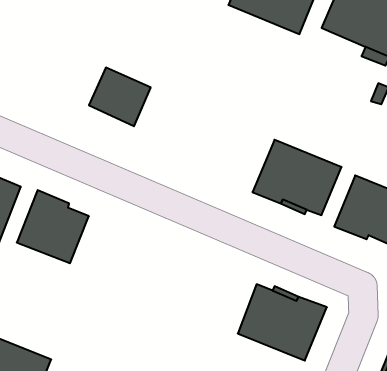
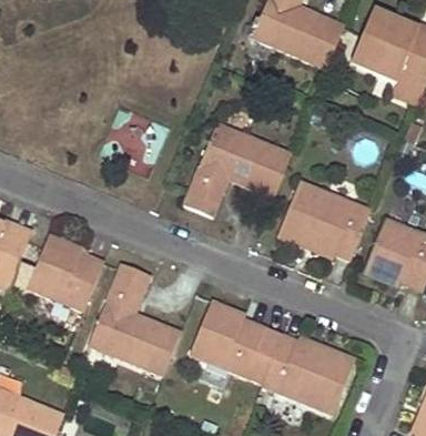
building: none -> [183,123,292,216]
building: none -> [89,263,181,376]
building: none -> [190,300,267,377]

